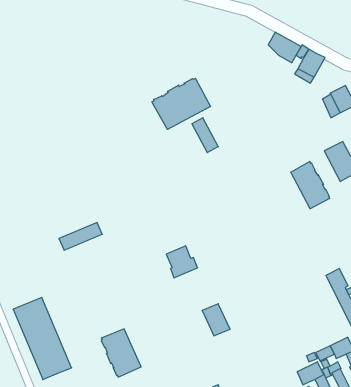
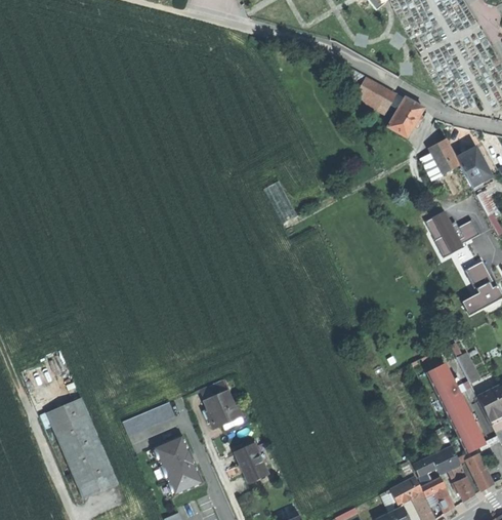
building: [152,78,210,129] -> none
building: [291,161,330,209] -> none
building: [59,222,102,250] -> [122,402,174,436]
building: [166,246,198,278] -> [204,390,242,429]
building: [202,304,230,336] -> [235,443,268,482]

